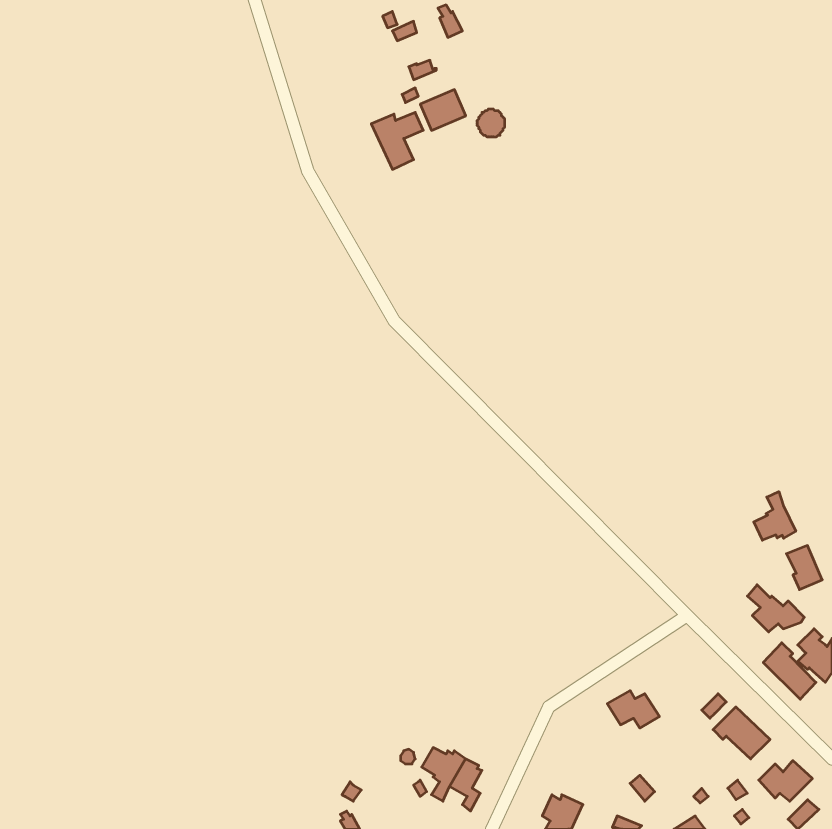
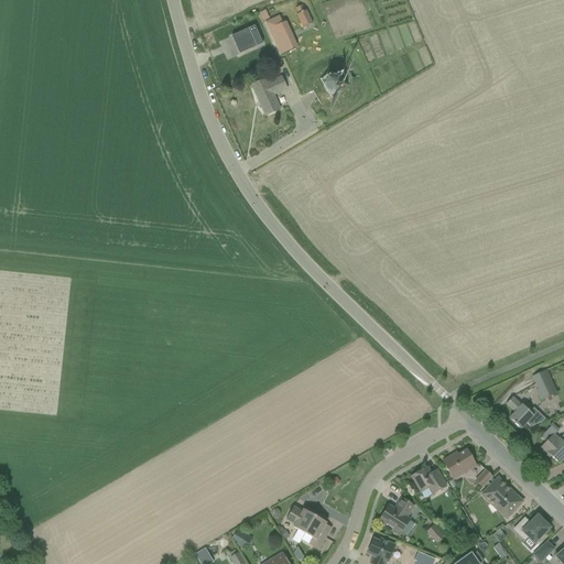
building: [420,90,466,130] -> [231,25,262,53]
building: [754,492,796,540] -> none
building: [763,643,816,699] -> none
building: none -> [442,448,476,478]
building: none -> [379,497,413,534]

